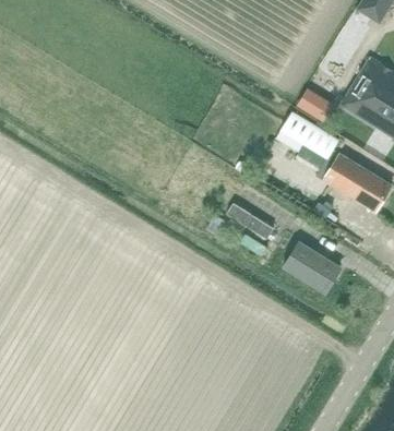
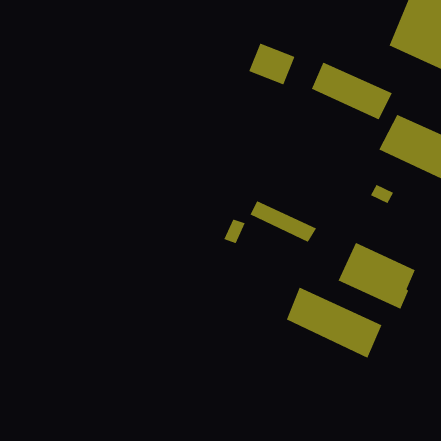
building: [296,91,331,123] -> [248,42,295,86]
building: none -> [286,287,382,359]

